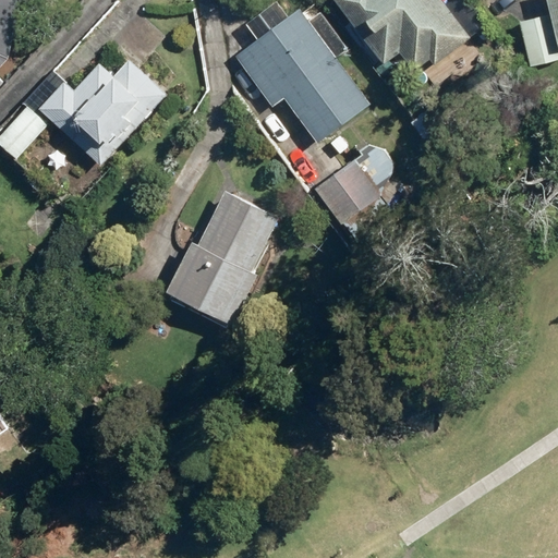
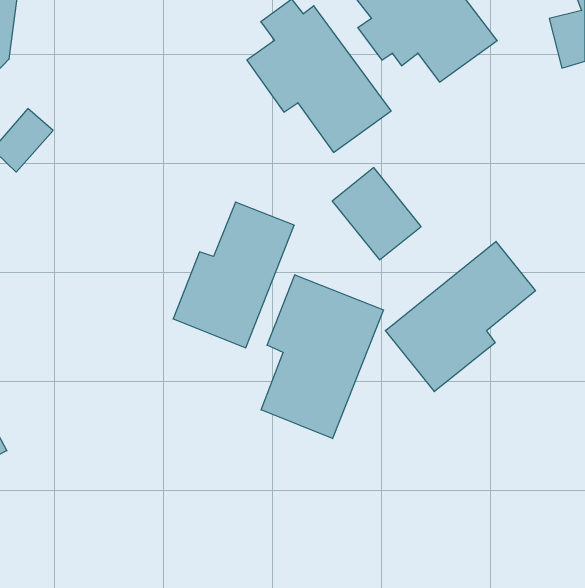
building: [35,58,167,163] -> none
building: none -> [385,241,535,392]
building: none -> [261,275,383,439]

